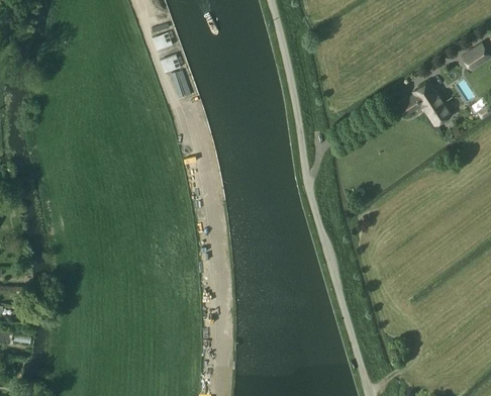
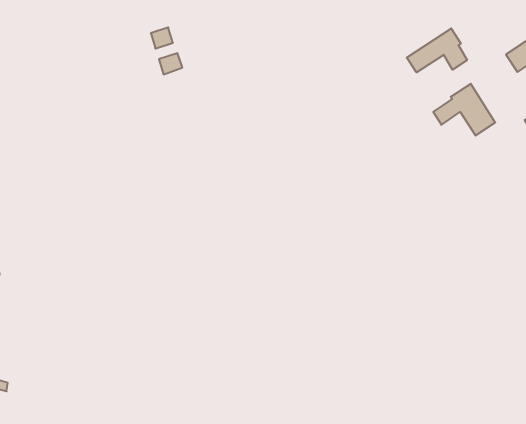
building: none -> [407,28,467,72]

